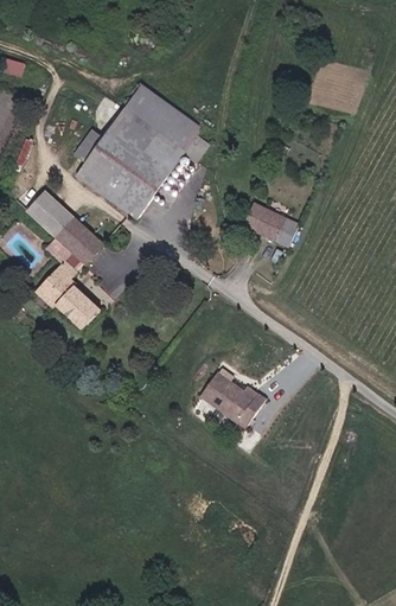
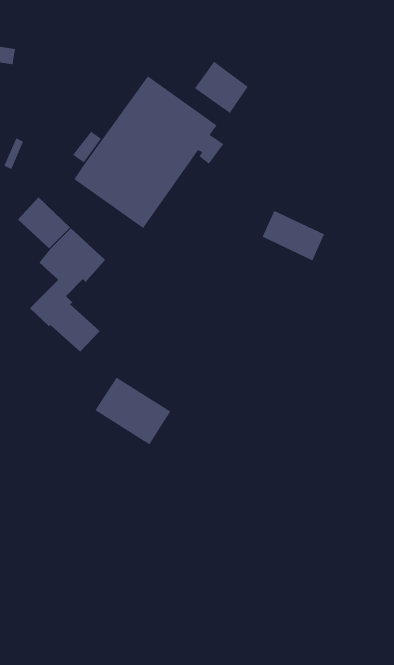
building: none -> [194,61,249,114]
building: [198,366,266,427] -> [95,377,171,445]

